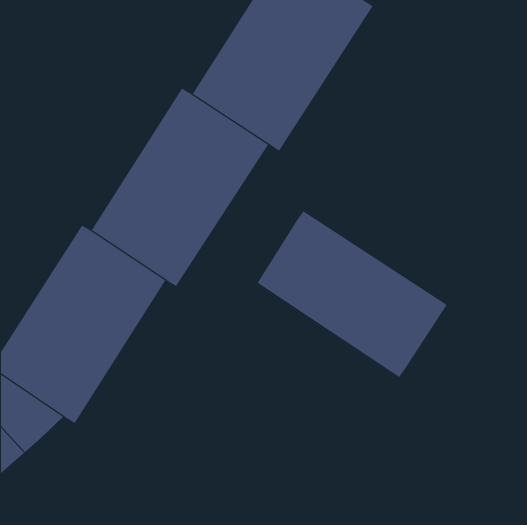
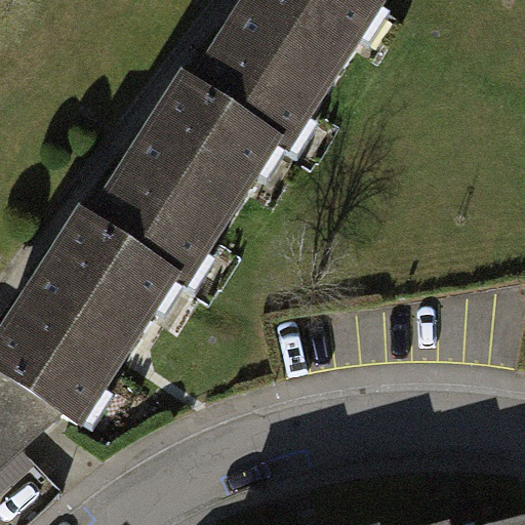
building: [257,210,448,378] -> none

